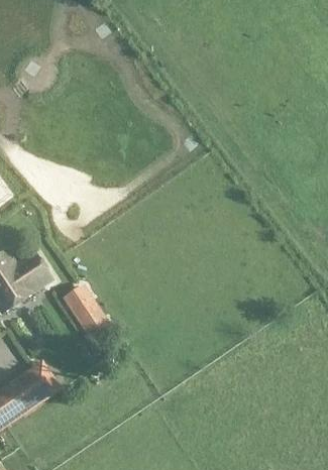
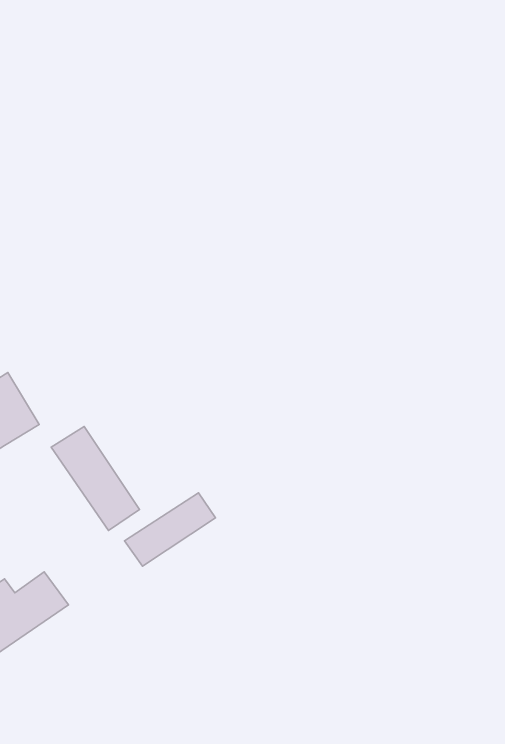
building: none -> [125,493,215,566]

